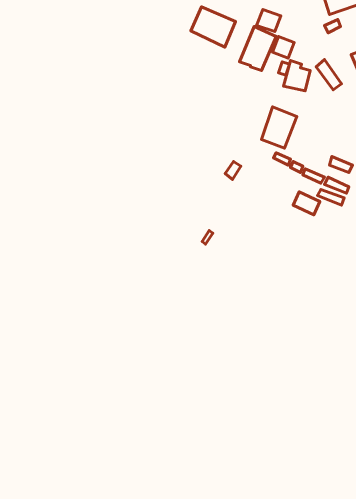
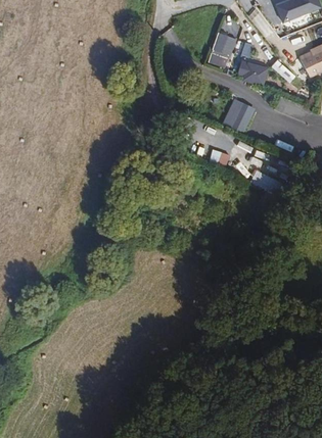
building: [191,7,235,47] -> none

